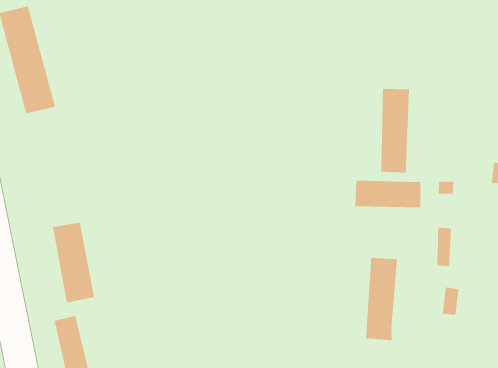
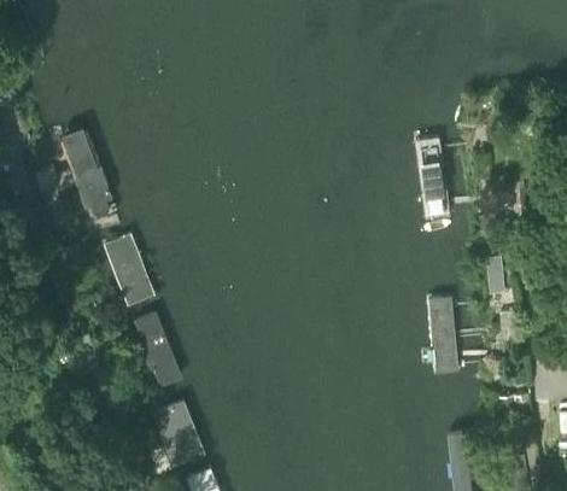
building: none -> [103,233,156,309]
building: [355,180,421,208] -> none

